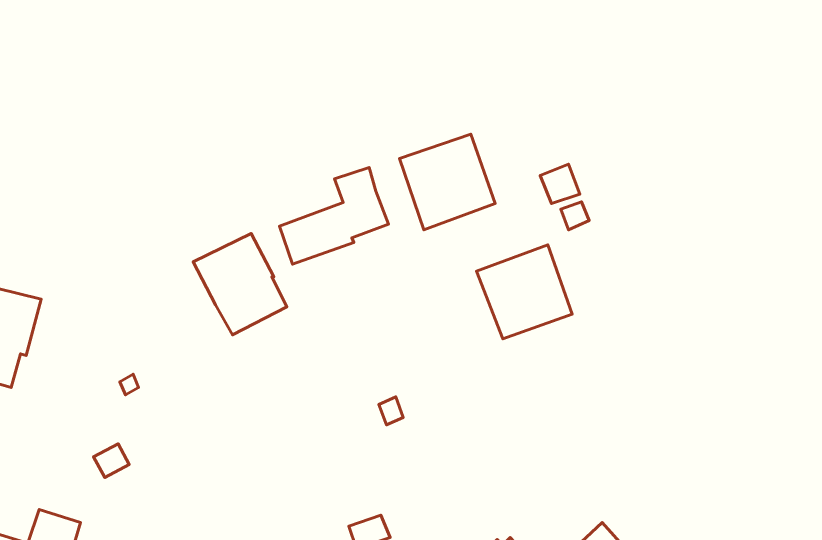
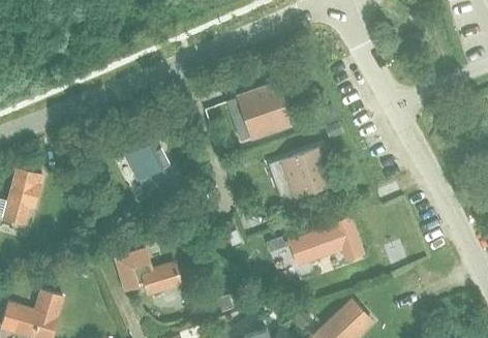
building: [280,167,389,264] -> none
building: none -> [292,218,362,265]
building: none -> [114,249,181,295]

